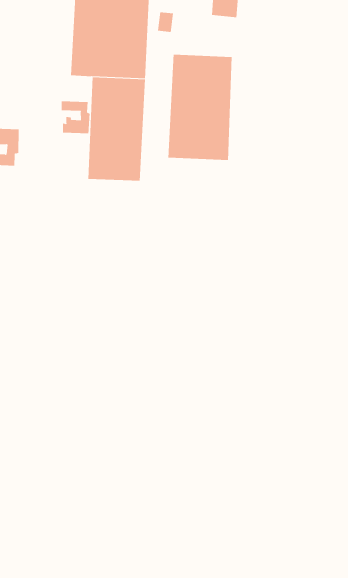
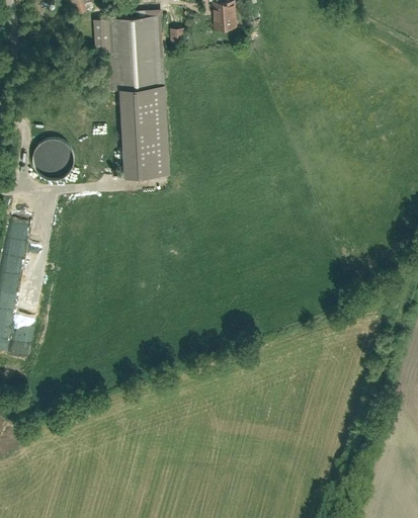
building: [168,54,232,161] -> none
building: [61,100,90,134] -> none

